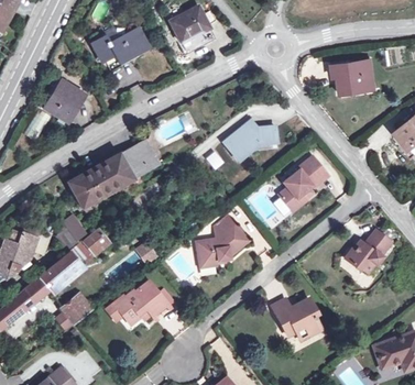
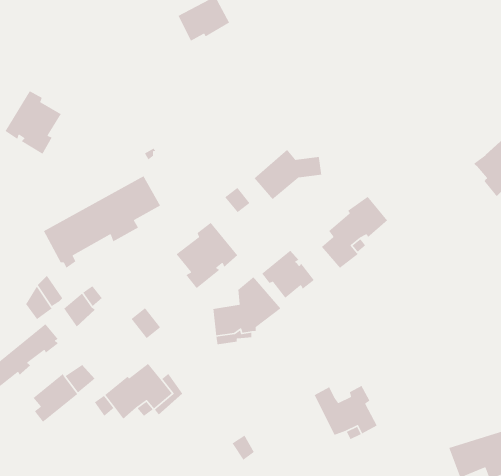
building: [92,28,149,68] -> none
building: [331,58,374,94] -> none
building: none -> [176,222,238,289]
building: none -> [261,250,315,299]
building: [346,229,392,273] -> none

